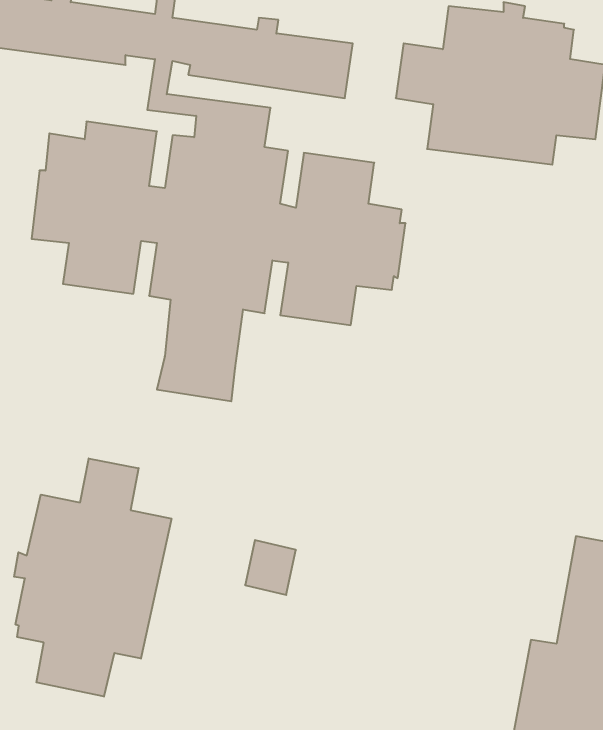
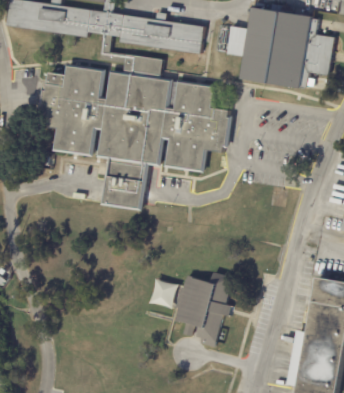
building: [14,458,171,697] -> none
building: none -> [175,272,231,346]

